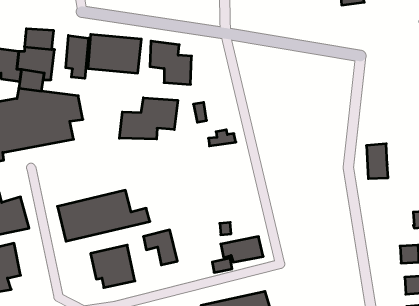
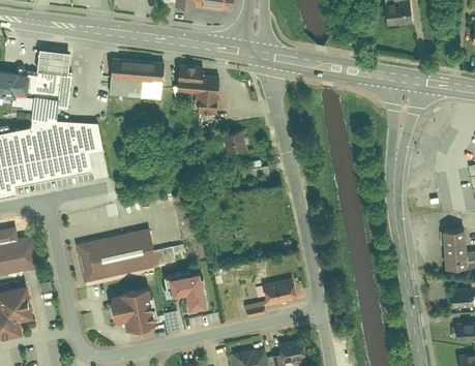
building: [66,35,89,78] -> none
building: [119,98,178,139] -> none
building: [366,144,388,179] -> [442,230,466,268]

